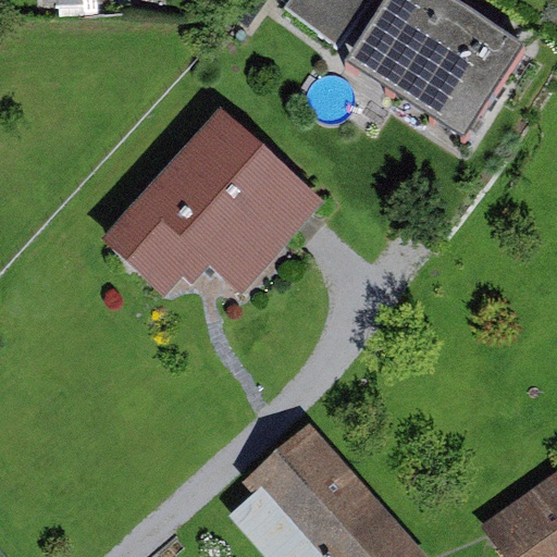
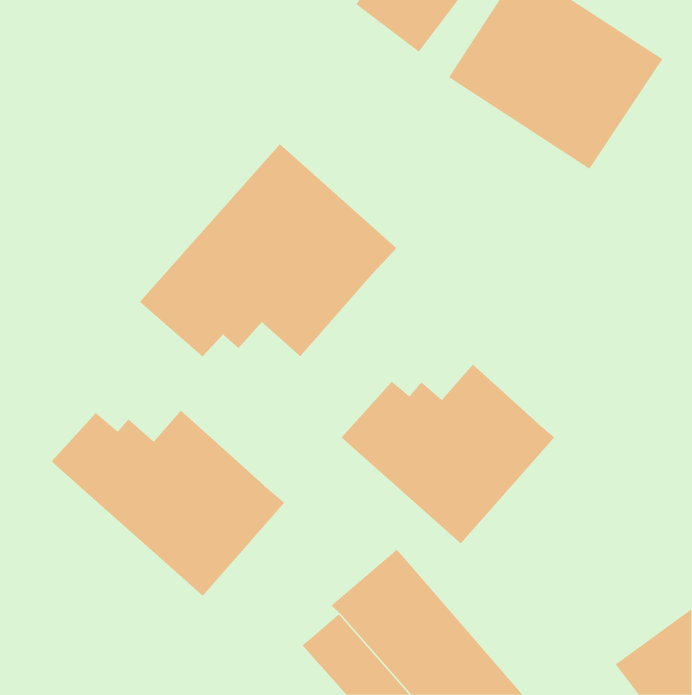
building: none -> [341,364,555,544]
building: none -> [51,410,285,596]

